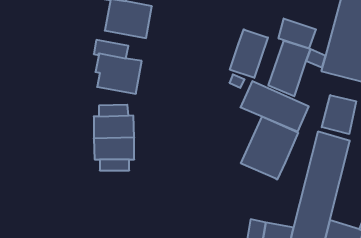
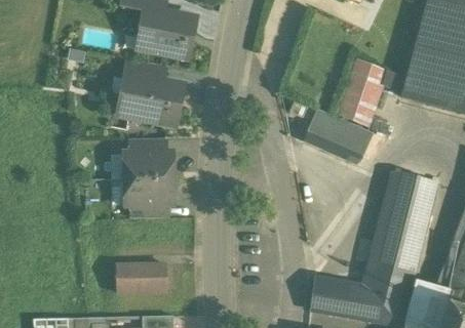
building: [279,18,316,49] -> none
building: [230,29,268,78] -> none
building: [322,95,356,134] -> none
building: [241,116,298,180] -> none
building: none -> [116,263,166,292]

